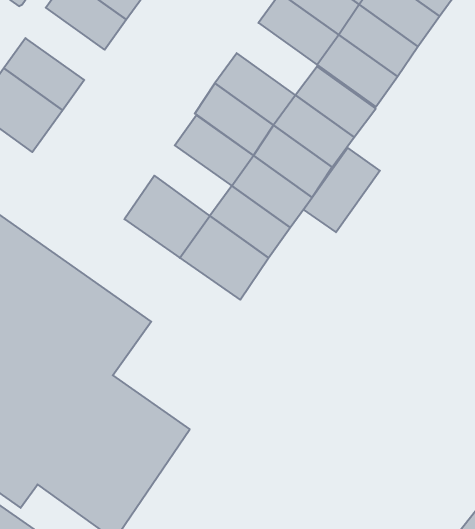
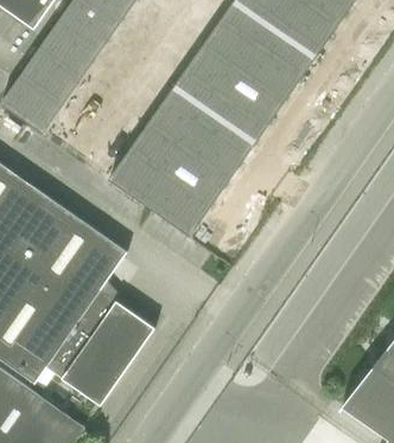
building: none -> [38,31,94,82]
building: none -> [188,41,244,92]
building: none -> [129,128,184,178]
building: [304,148,380,232] -> none

